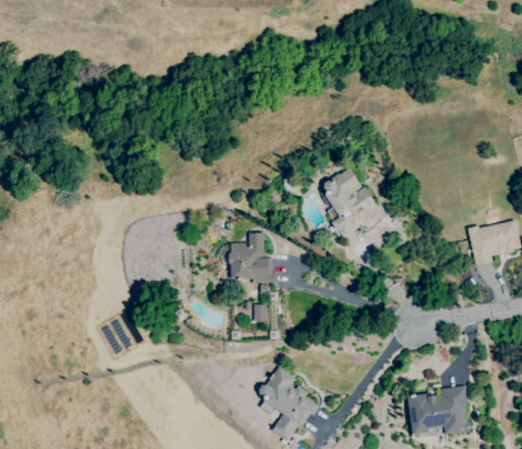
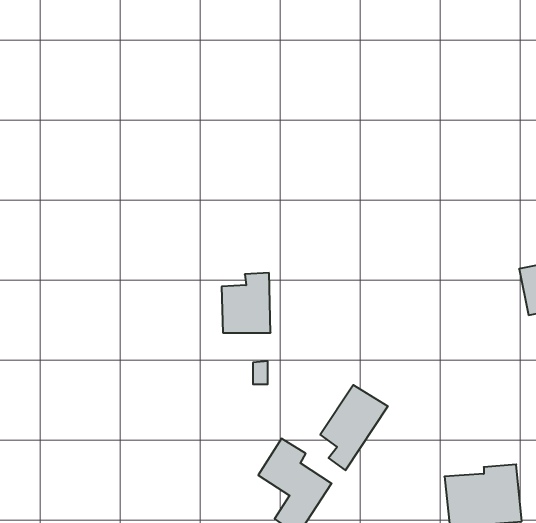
building: [320,167,378,239] -> none
building: none -> [320,385,388,470]

